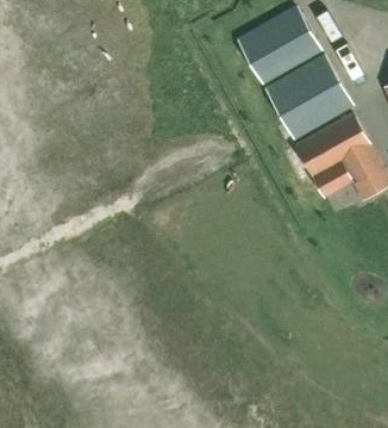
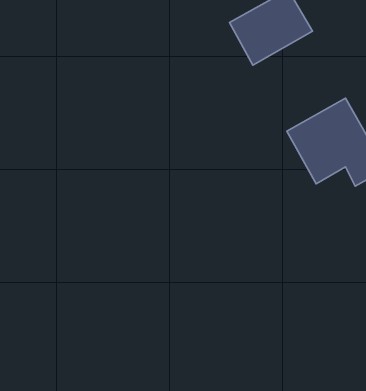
building: [265,56,352,138] -> none

